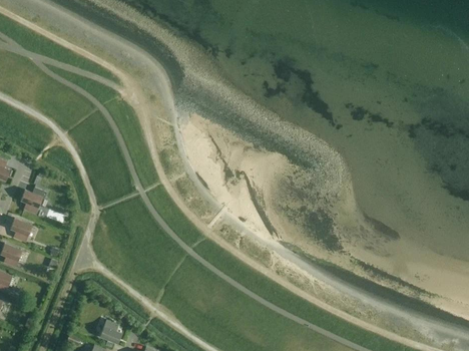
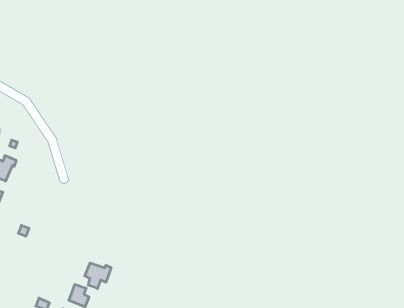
building: none -> [85,263,111,289]

